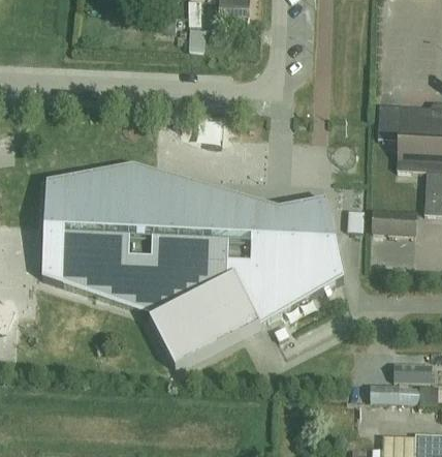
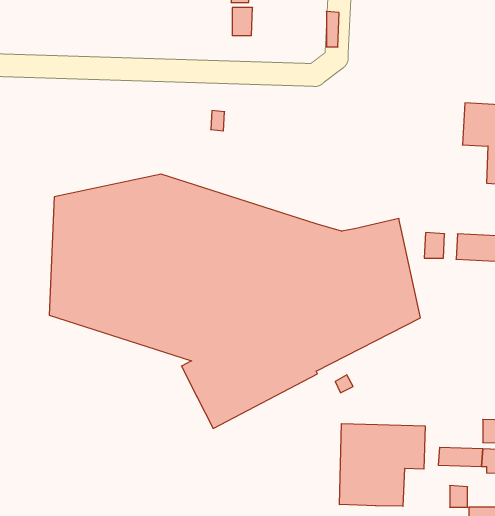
building: none -> [339,424,425,506]

